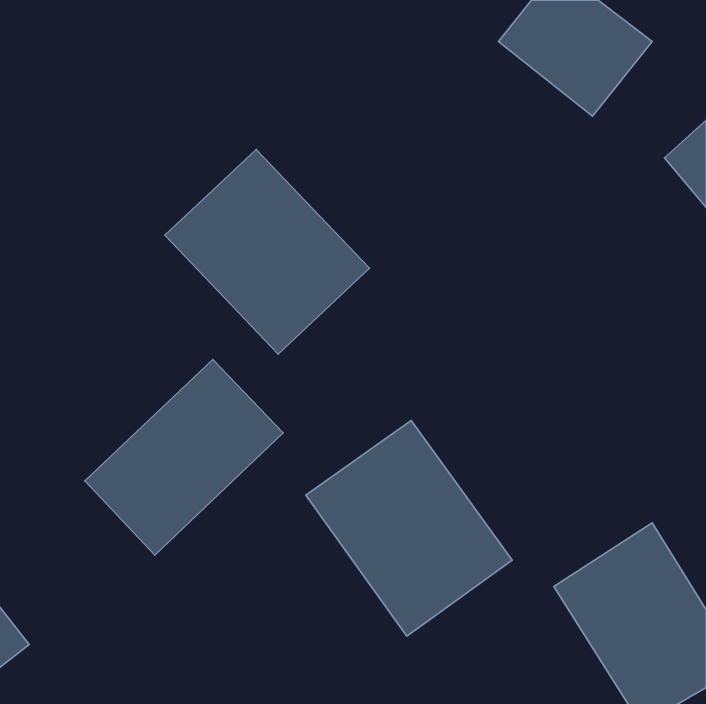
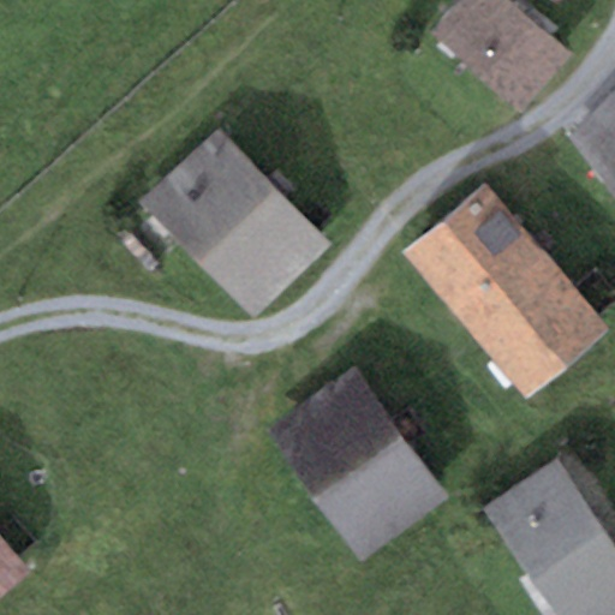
building: none -> [413,197,595,388]
building: [85,360,283,555] -> none

